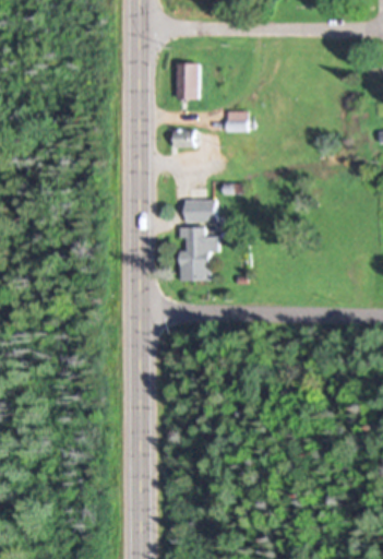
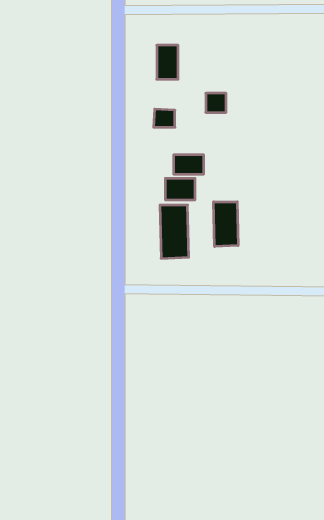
building: none -> [174,155,203,174]
building: none -> [214,202,238,247]

